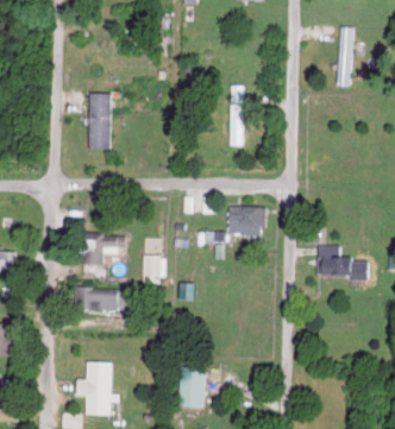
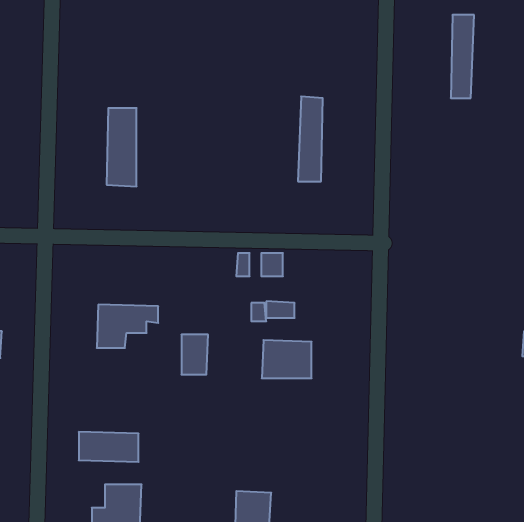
building: [228,208,264,235] -> [262,340,312,378]
building: [318,246,372,280] -> none
building: [88,290,131,311] -> [79,432,139,462]

